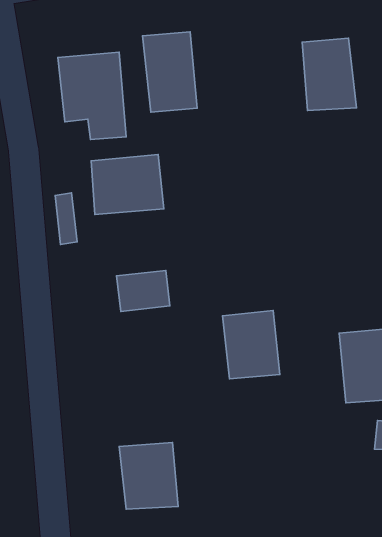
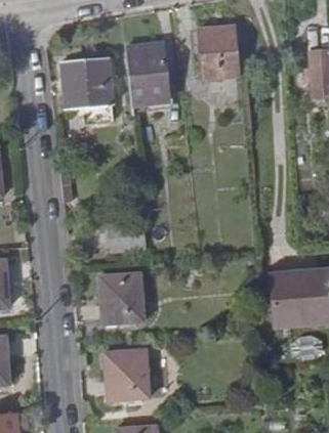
building: [302,38,357,110] -> [196,26,237,80]
building: [91,155,164,214] -> none
building: [223,310,280,379] -> [100,275,143,327]

